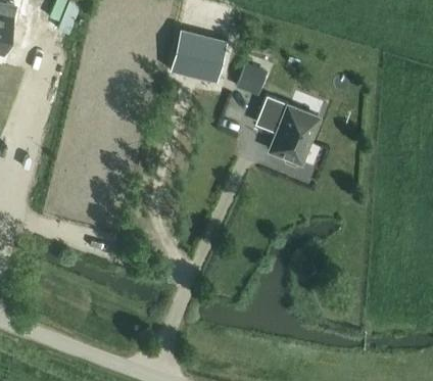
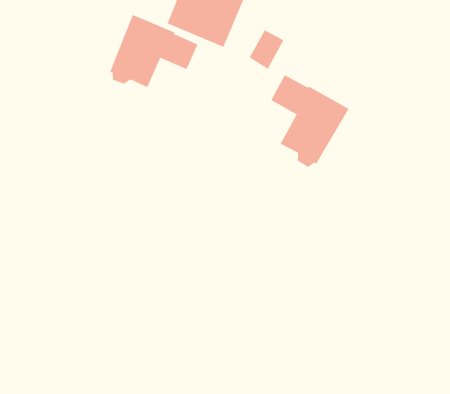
building: none -> [109,14,198,88]

